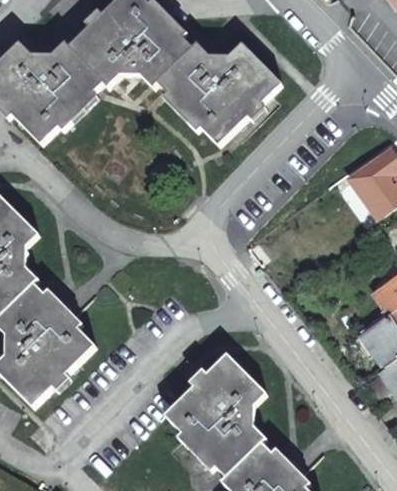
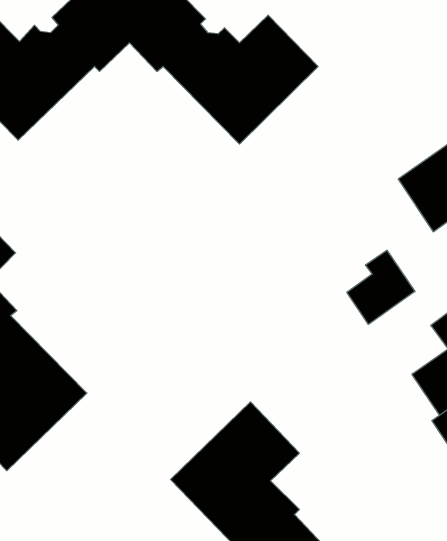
building: none -> [347,250,415,324]

